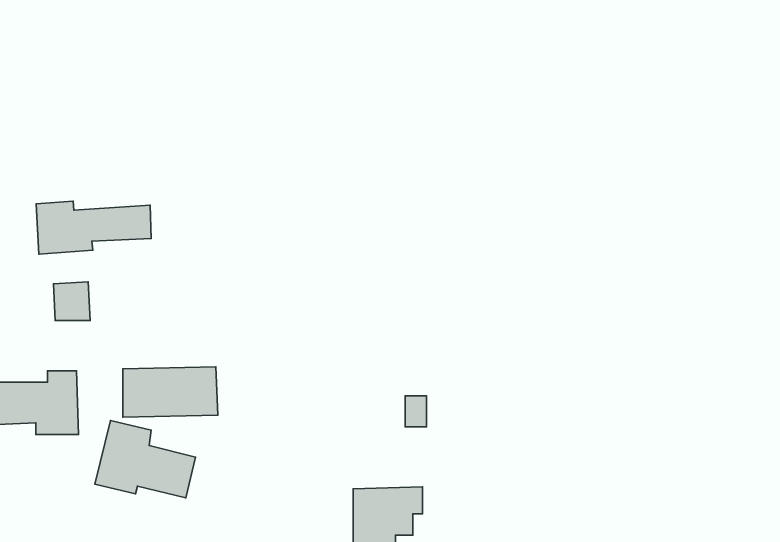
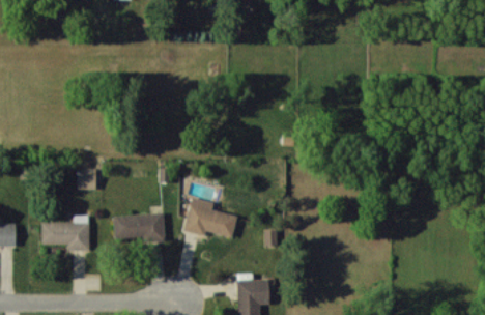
building: [36,201,151,254] -> none
building: [95,420,196,498] -> [182,197,236,238]

